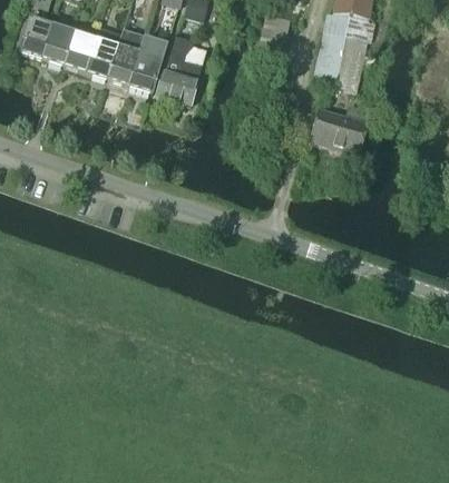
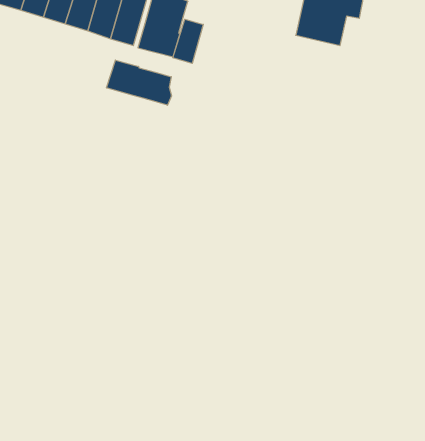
building: none -> [173,19,203,63]
building: [311,105,371,152] -> none
building: none -> [107,60,171,105]

